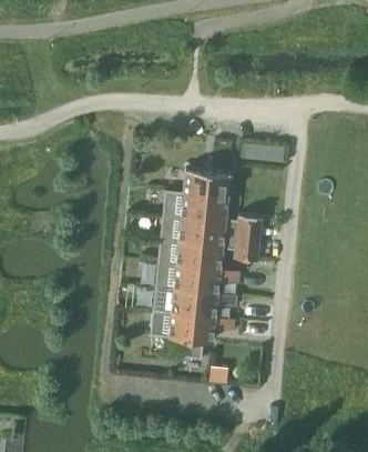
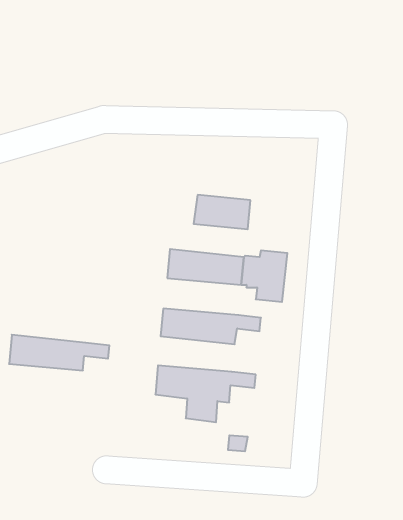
building: [162,191,227,221] -> none
building: [156,239,222,270] -> none
building: [152,288,236,318] -> [9,335,109,370]

